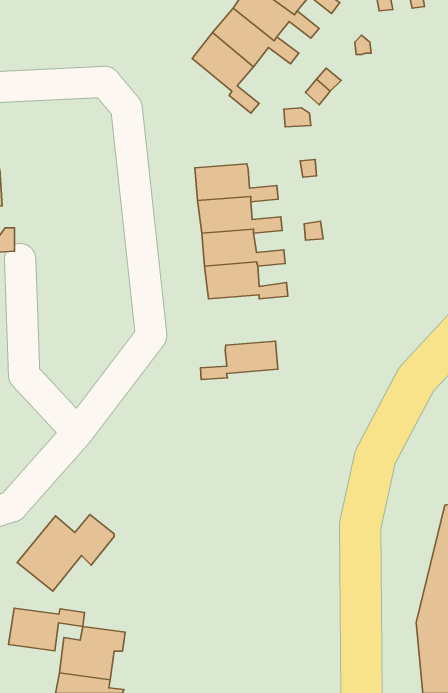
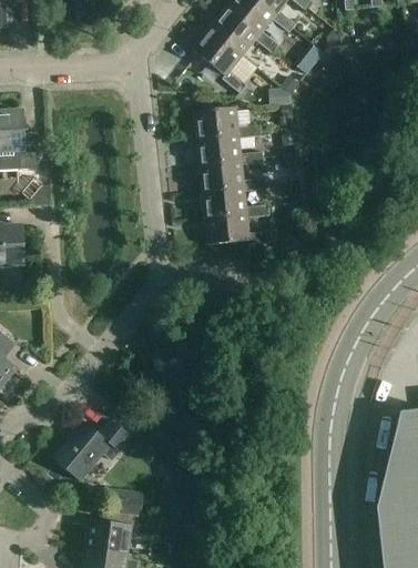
building: none -> [194,106,262,138]
building: [200,341,278,380] -> none
building: [9,608,85,651] -> none

